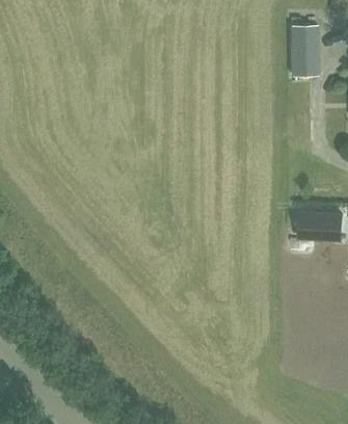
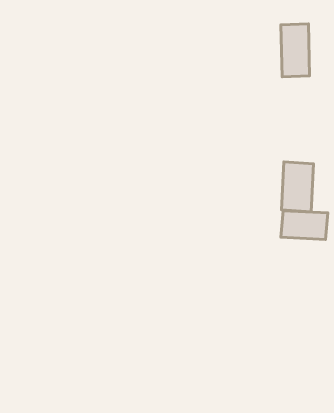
building: none -> [282,162,314,212]

